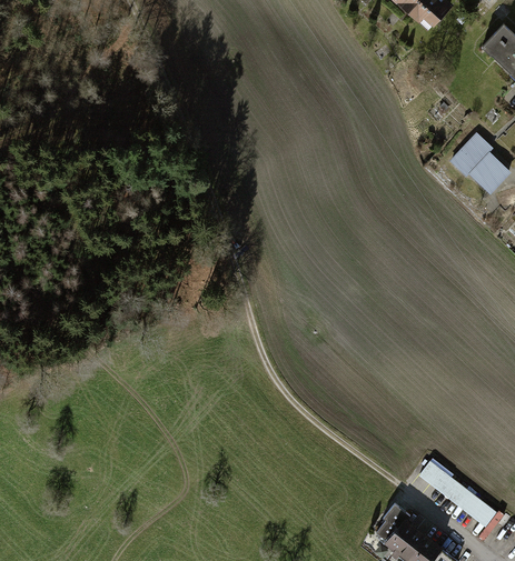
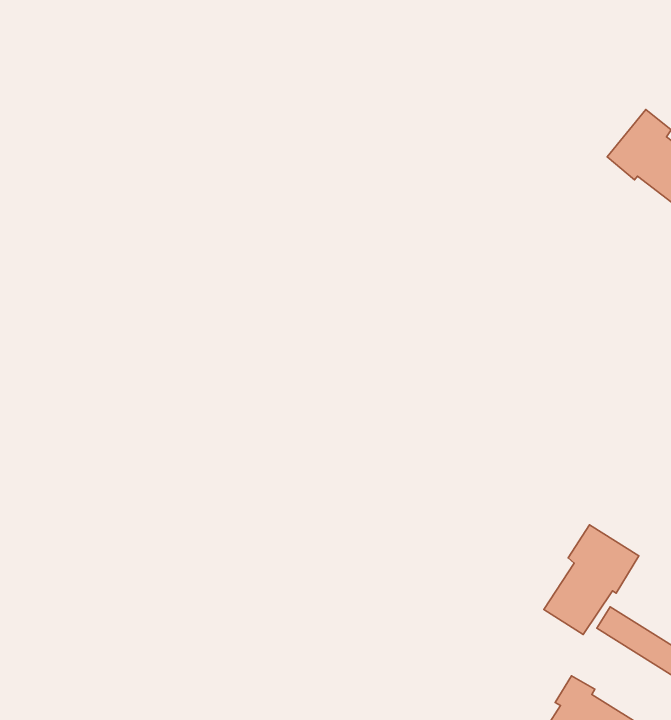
building: none -> [544,525,639,635]

